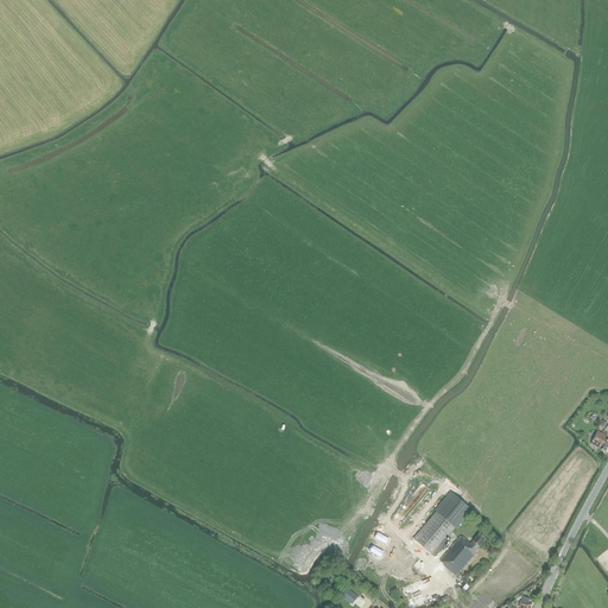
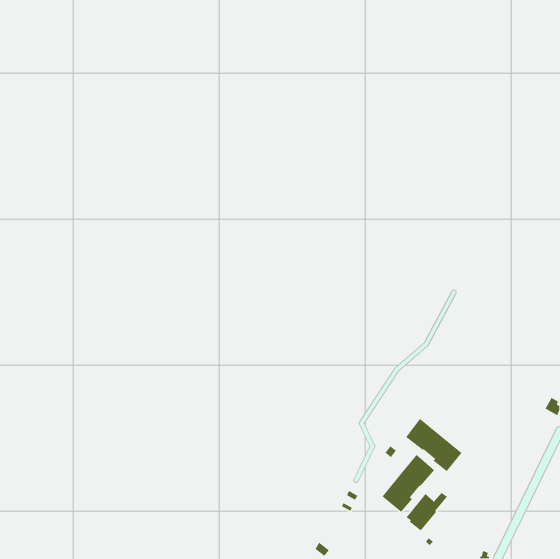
building: none -> [405,418,463,472]

